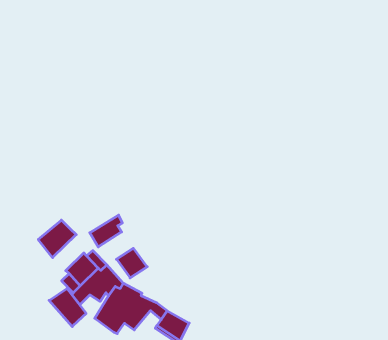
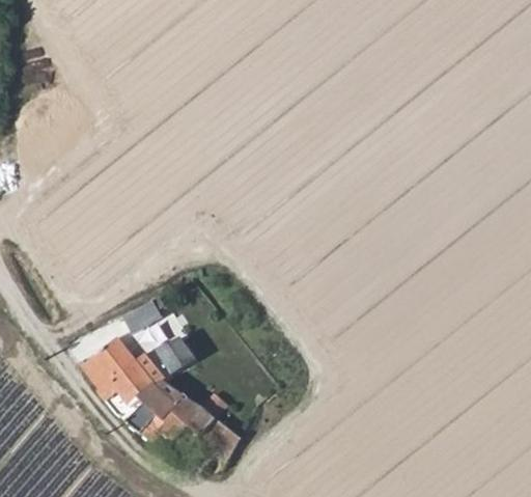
building: [38,220,76,258] -> none
building: [49,288,86,327] -> none

